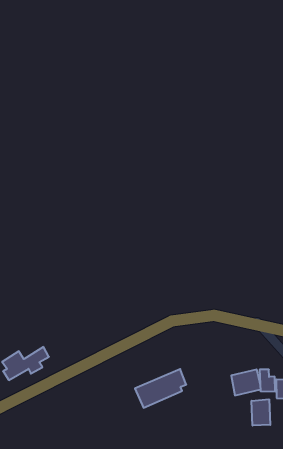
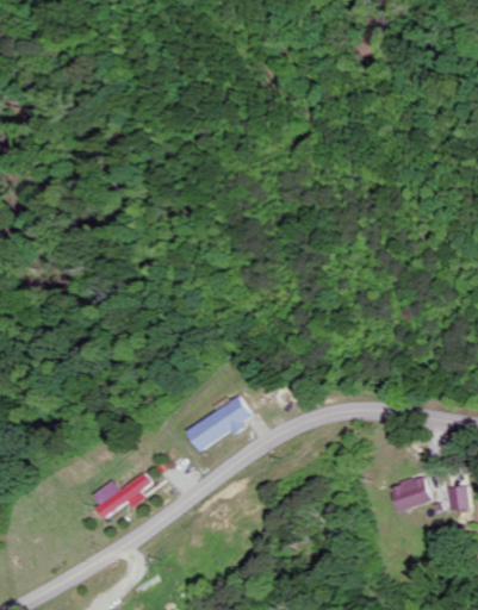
building: [135,369,186,408] -> [185,398,250,452]
building: [252,399,270,426] -> none

